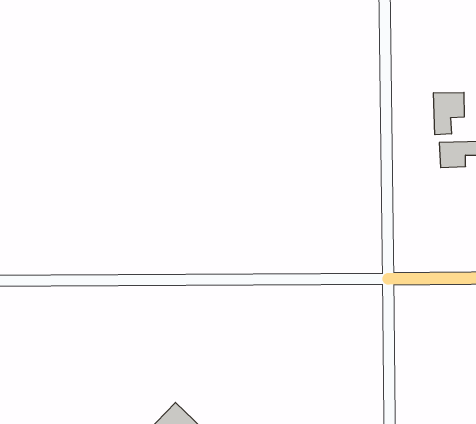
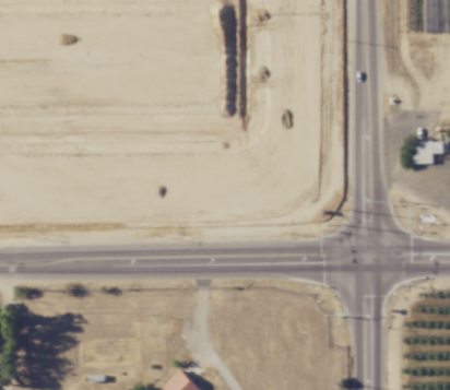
building: [434,92,464,135] -> none

